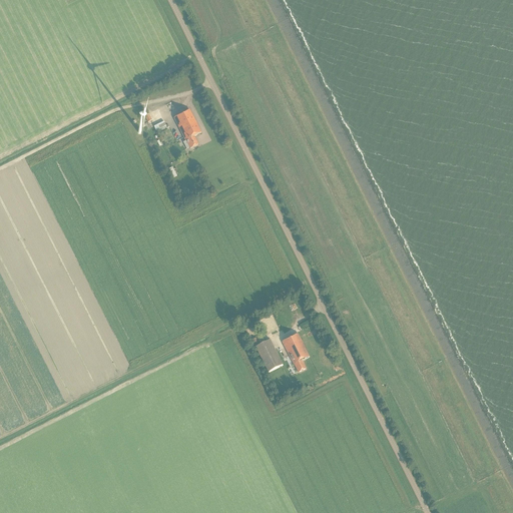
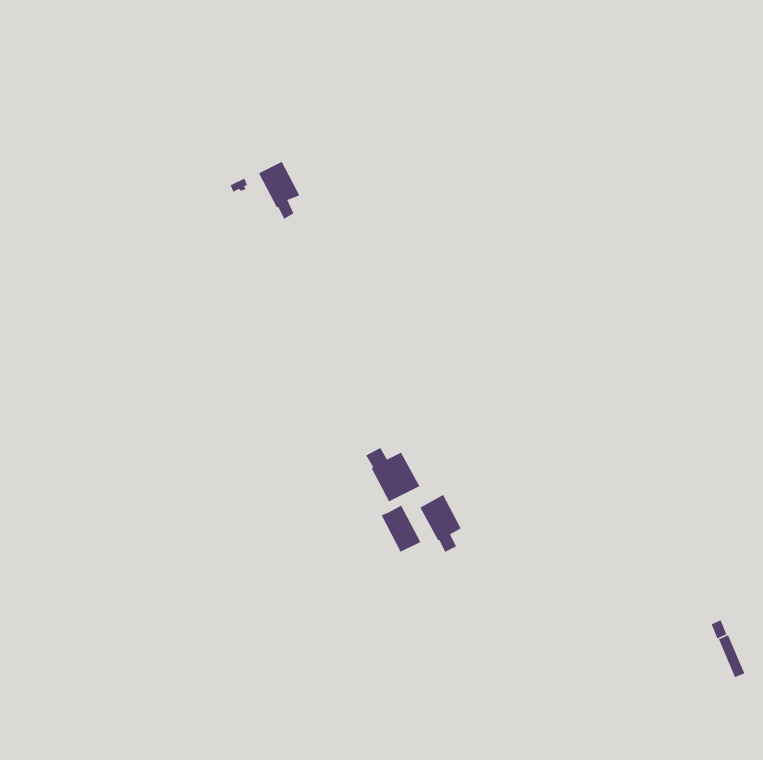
building: none -> [366,447,420,502]

